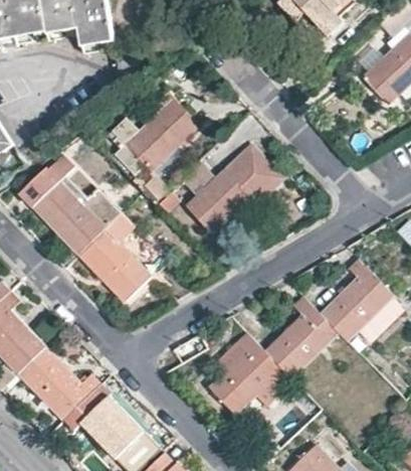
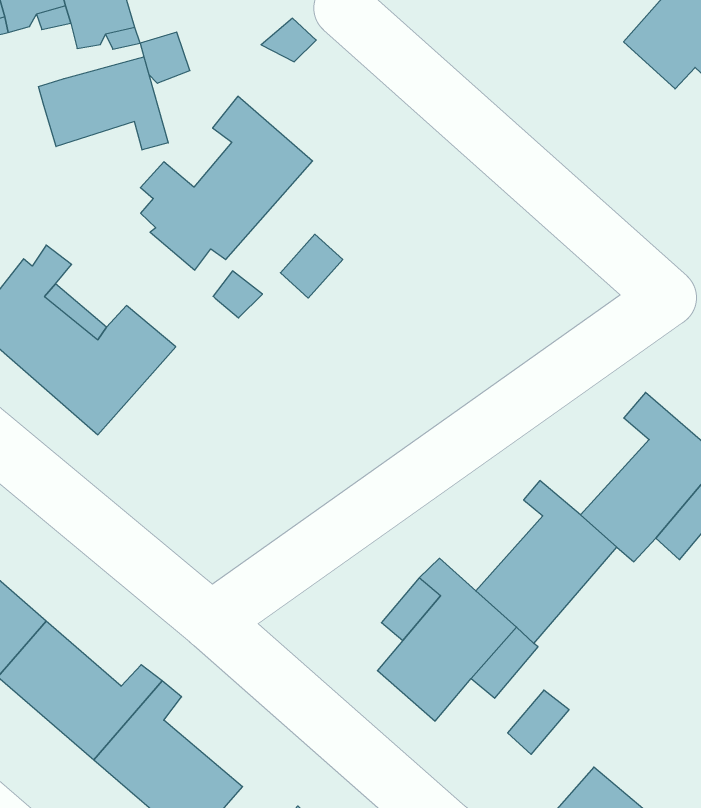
building: none -> [39,57,168,150]
building: [185,144,283,232] -> none
building: [78,212,168,301] -> none

